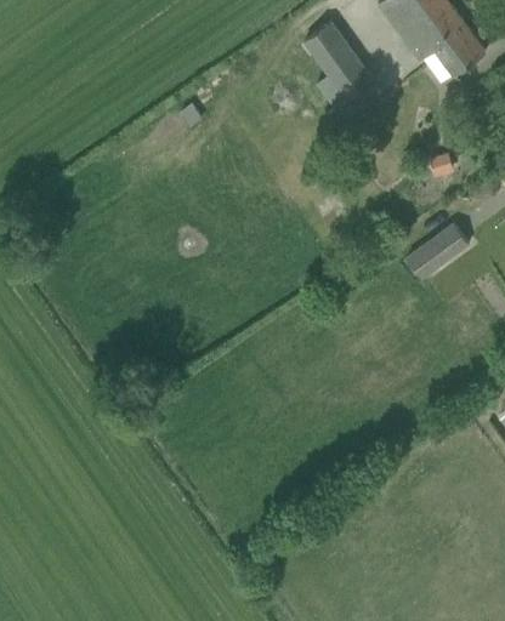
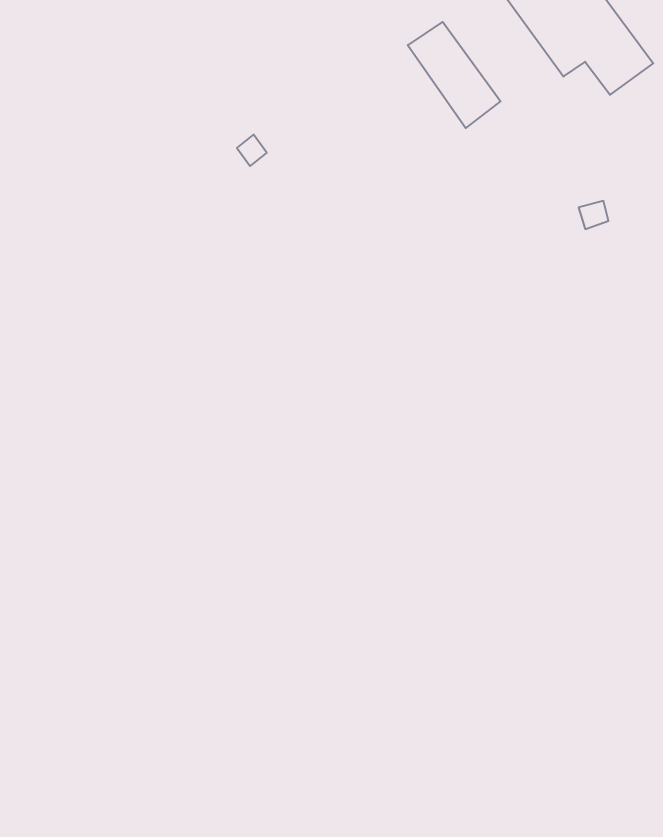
building: [405,223,470,280] -> none

